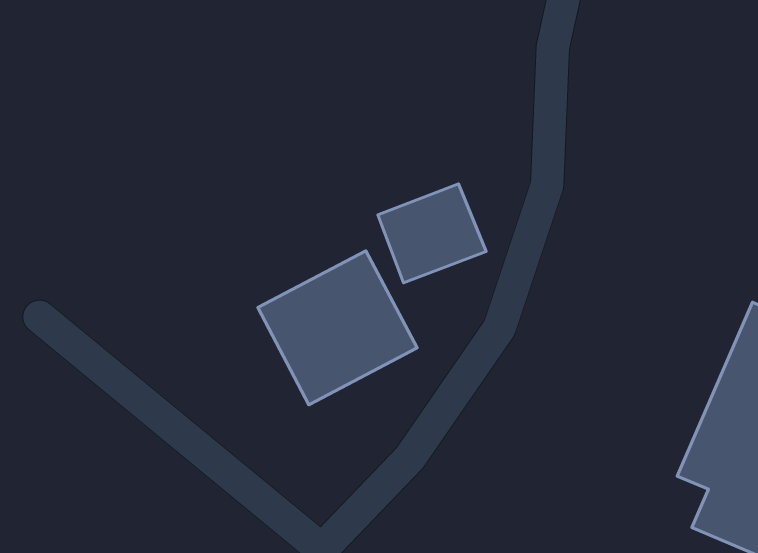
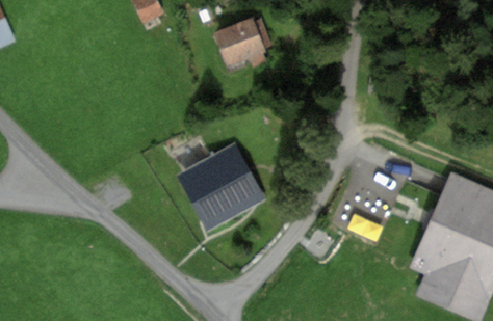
building: [378,184,486,283] -> [215,18,277,74]

